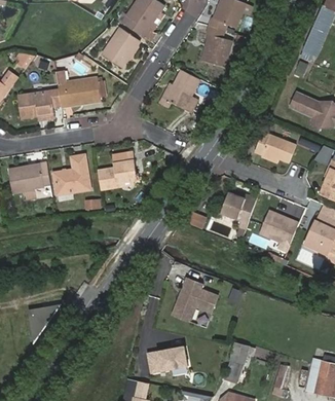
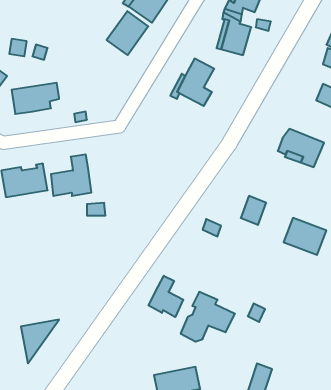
building: [58,78,101,104] -> none
building: [97,151,138,188] -> none
building: none -> [149,276,183,317]

